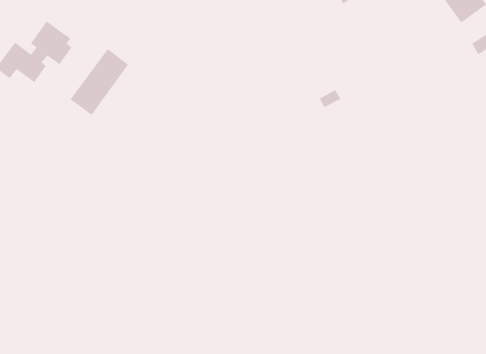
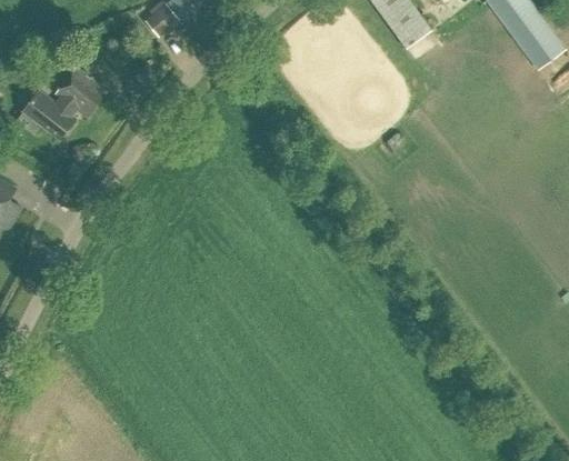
building: [69,48,129,116] -> none

